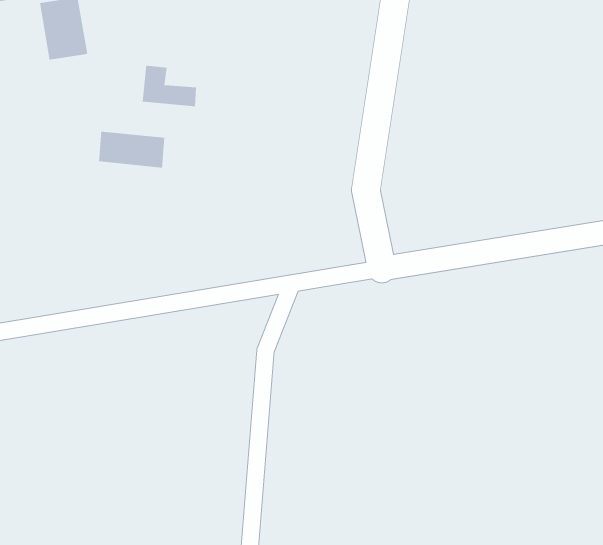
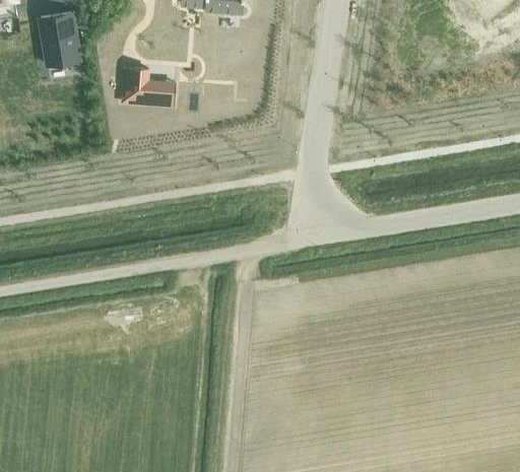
building: [98,131,165,168] -> none

